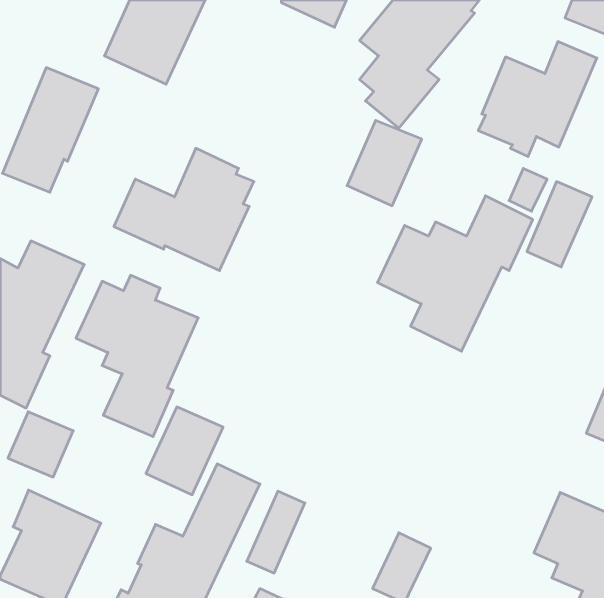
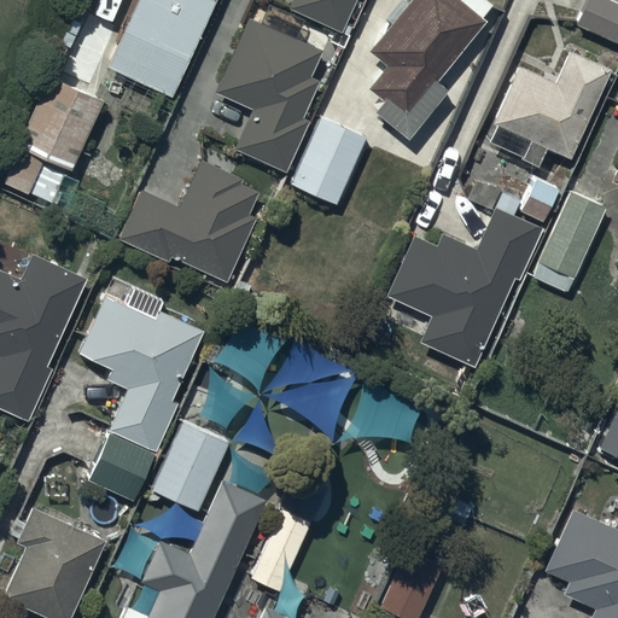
building: none -> [215,18,323,173]
building: [347,120,422,206] -> [291,119,367,206]
building: [8,412,73,477] -> [88,436,154,502]

